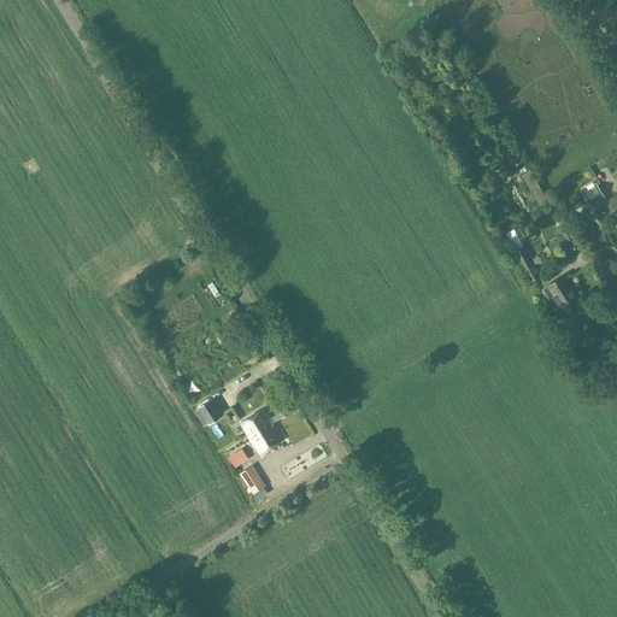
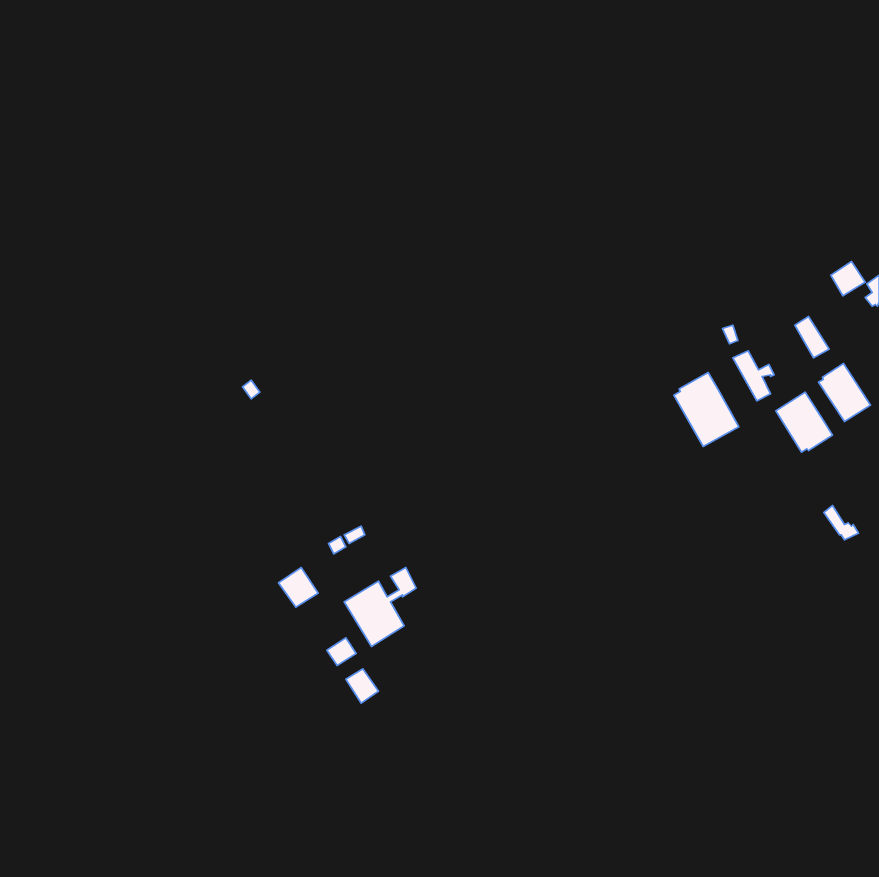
building: none -> [819,364,870,422]
building: none -> [674,373,739,446]

